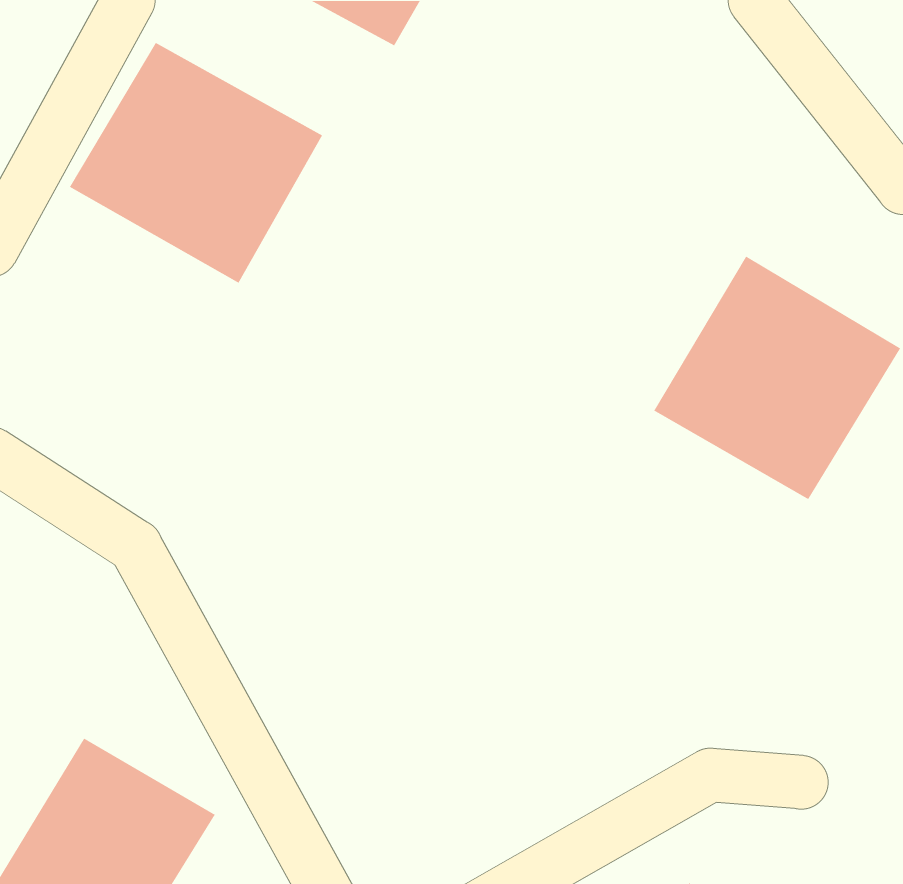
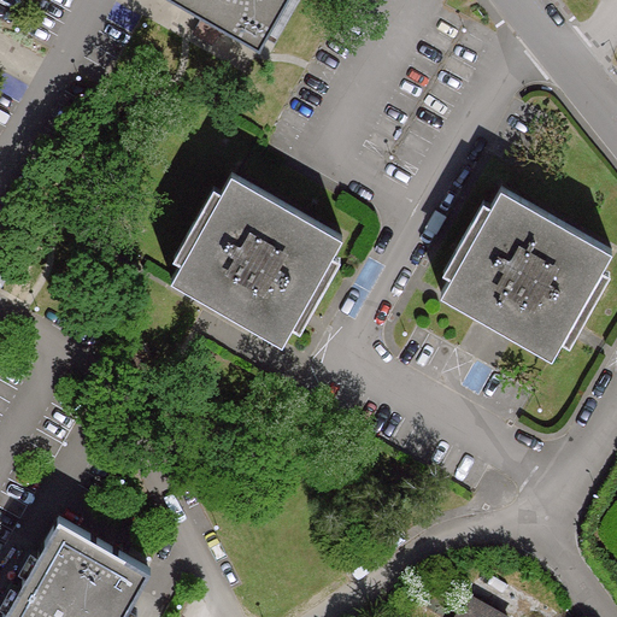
building: [69,42,323,284] -> none
building: none -> [177,176,341,340]

